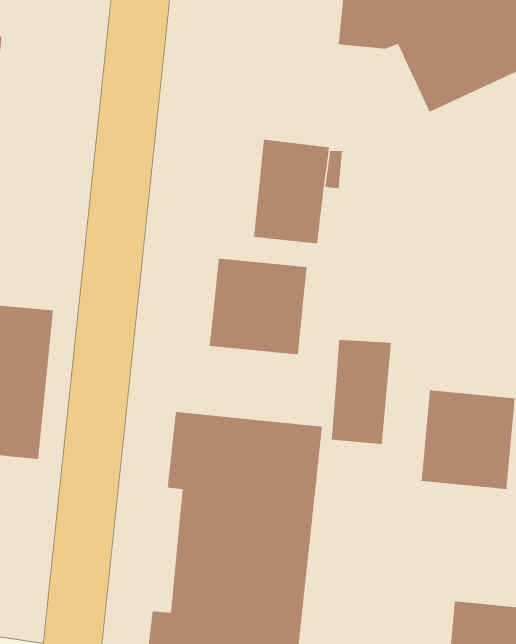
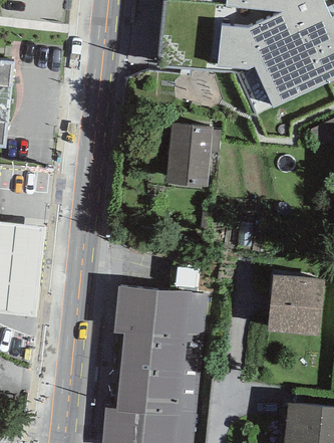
building: [209,258,307,355] -> none
building: [331,339,391,445] -> none

